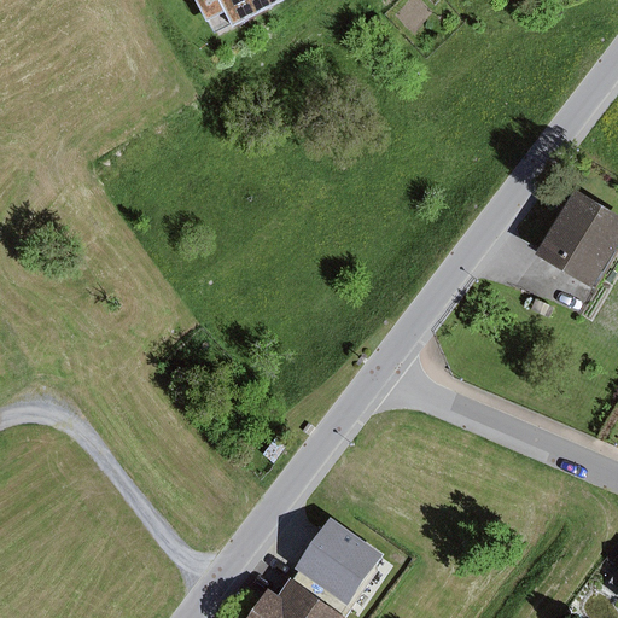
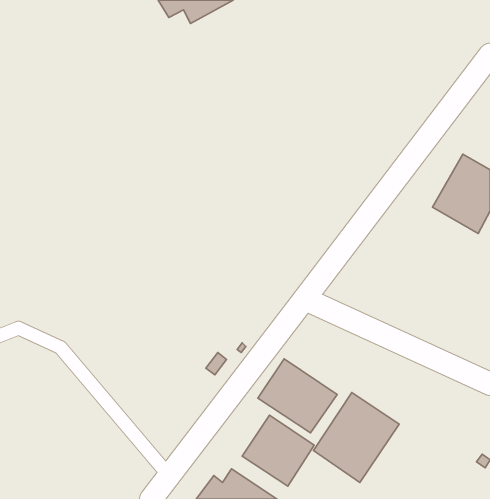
building: none -> [258,359,337,433]
building: none -> [314,393,399,483]

